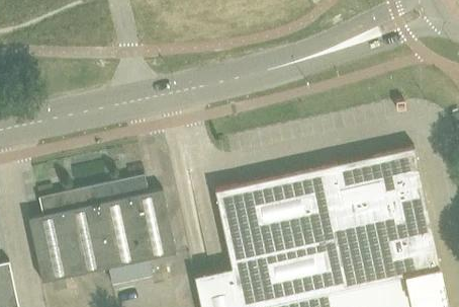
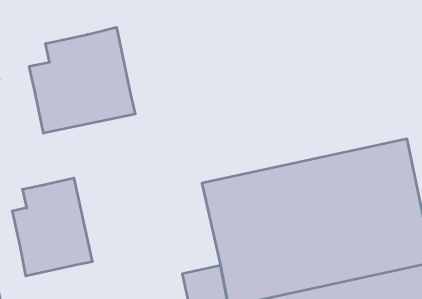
building: none -> [29,27,135,133]
building: [89,174,177,285] -> none

